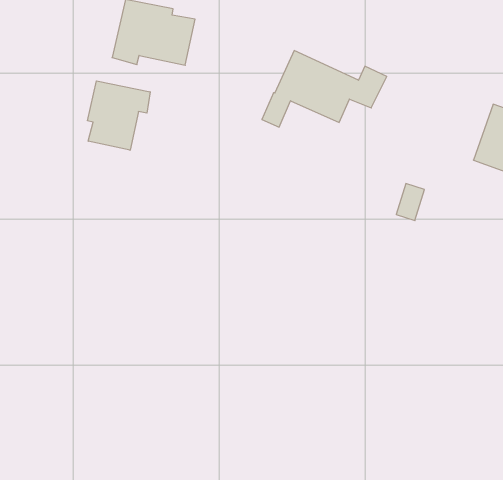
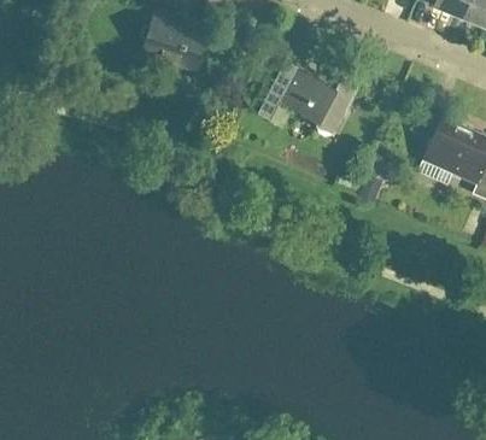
building: [88,81,150,150] -> none

